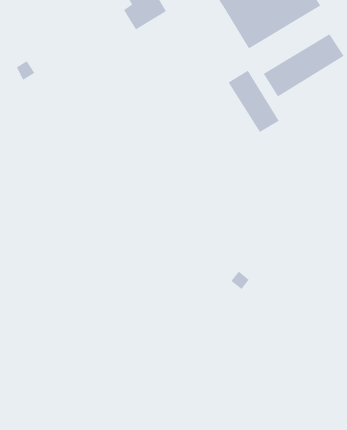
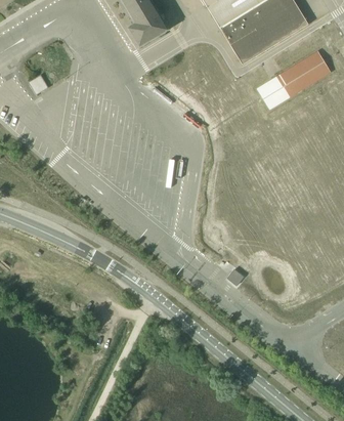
building: [228,70,279,133] -> none

